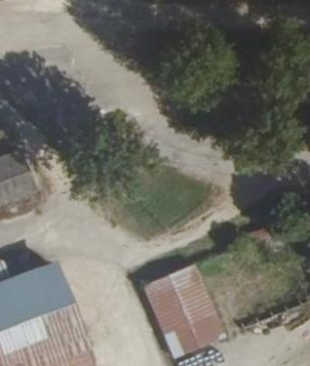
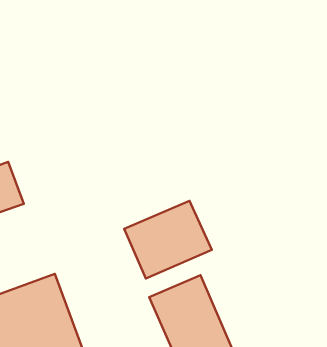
building: none -> [124,201,212,279]

